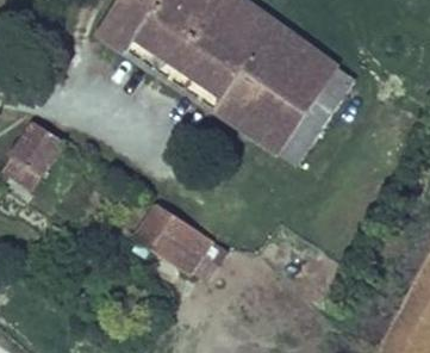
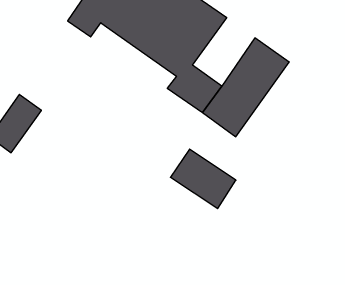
building: [242,29,316,110] -> none
building: [136,204,213,274] -> [170,149,236,209]

